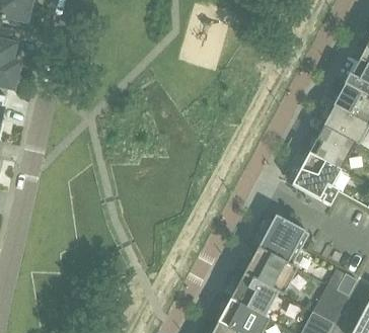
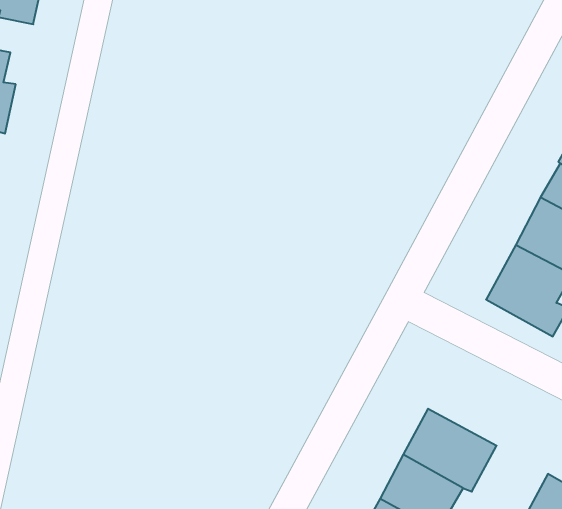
building: [257,215,308,265] -> none

